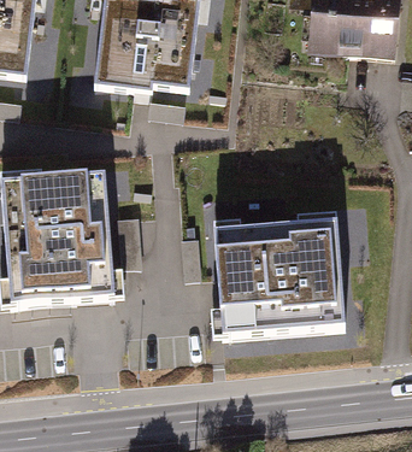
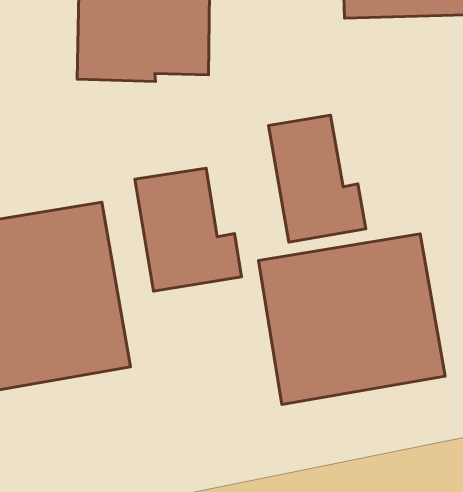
building: none -> [269,115,366,242]
building: none -> [135,168,242,291]

